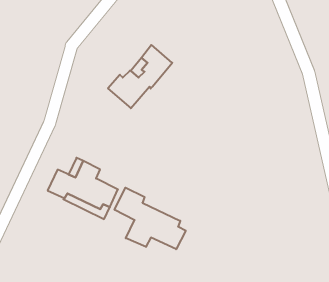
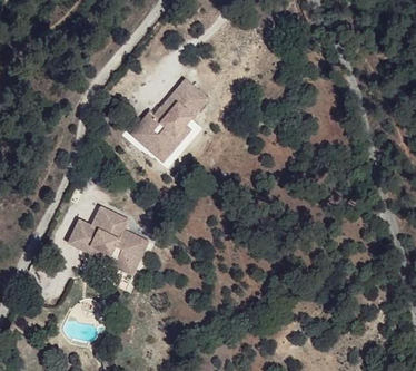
building: none -> [130,125,190,160]
building: [115,188,186,249] -> none

